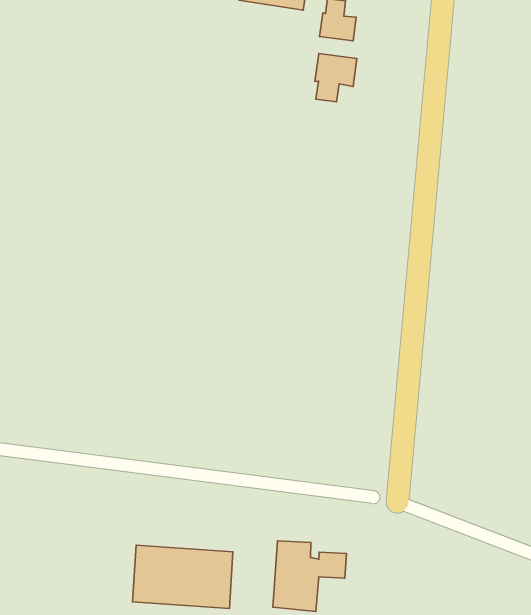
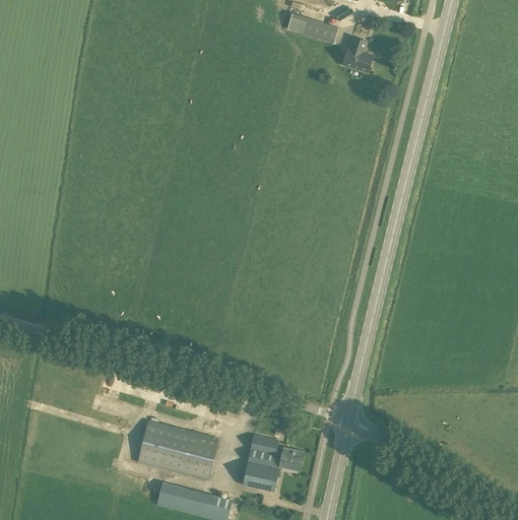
building: [315,53,357,102] -> none

